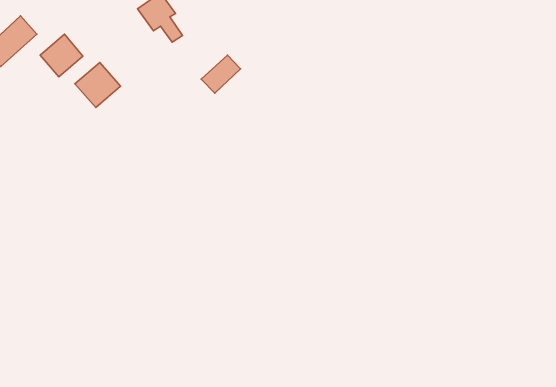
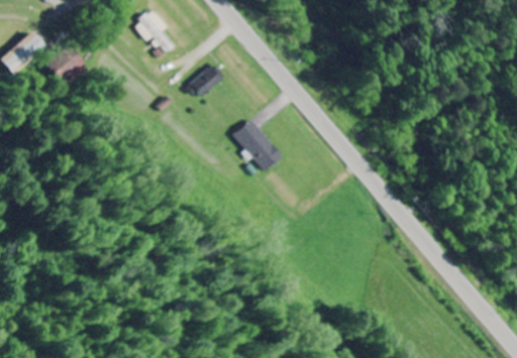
building: [75,63,120,107] -> none
building: none -> [233,119,283,169]

